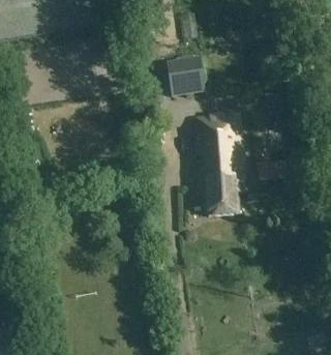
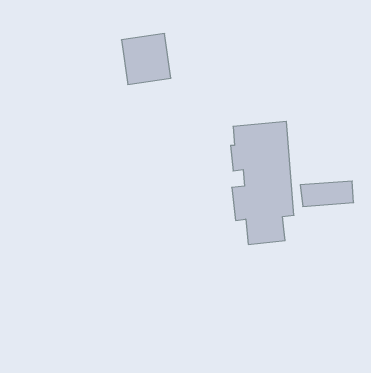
building: [165,54,206,95] -> [121,34,171,84]

